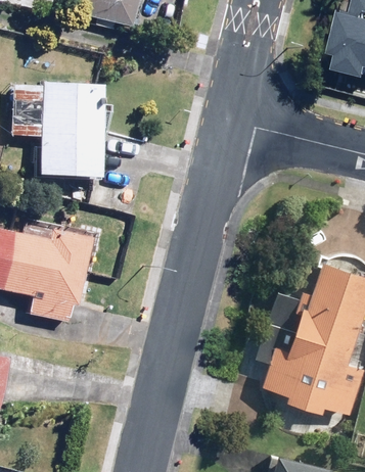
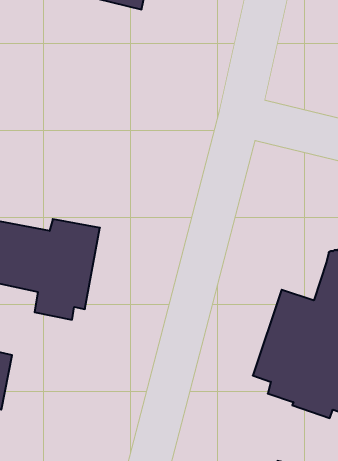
building: [15,81,111,179] -> none

